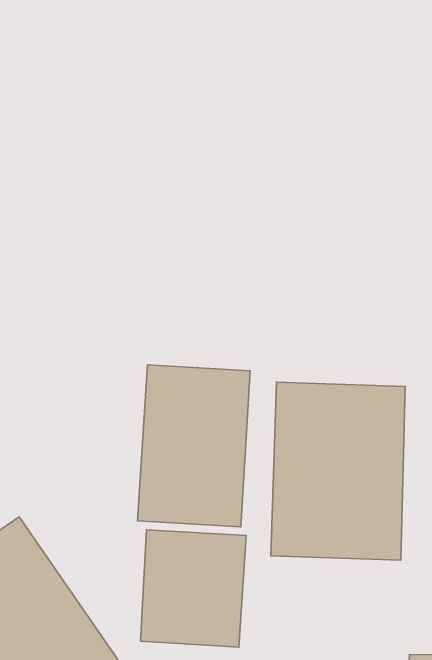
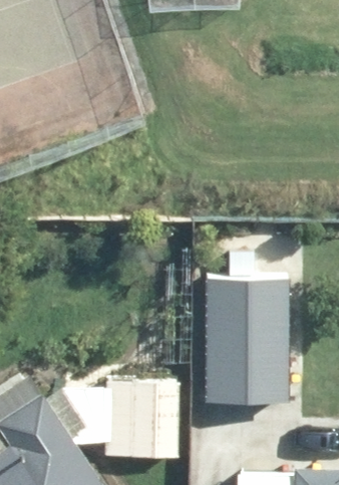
building: [137,365,250,527] -> none

